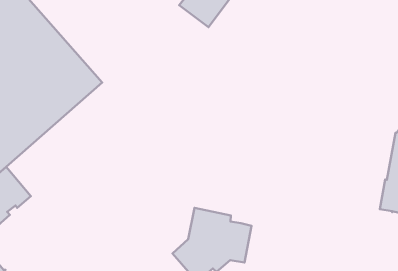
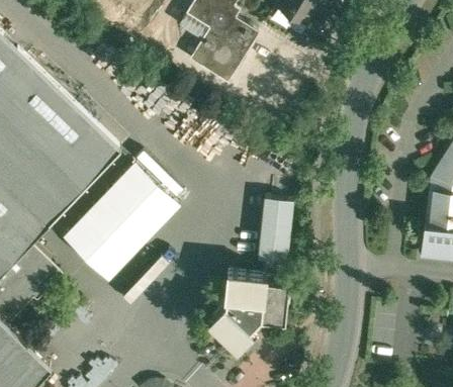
building: none -> [67,162,179,276]
building: none -> [258,199,293,284]

